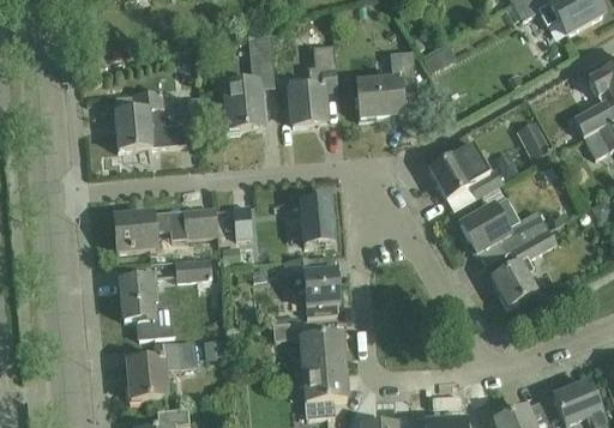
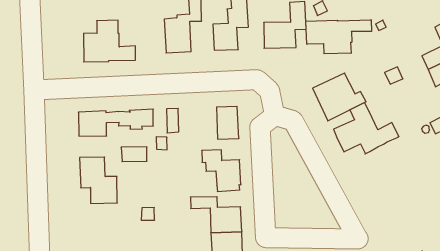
building: none -> [306,20,372,54]
building: [490,227,556,305] -> none
building: [127,338,197,397] -> none

